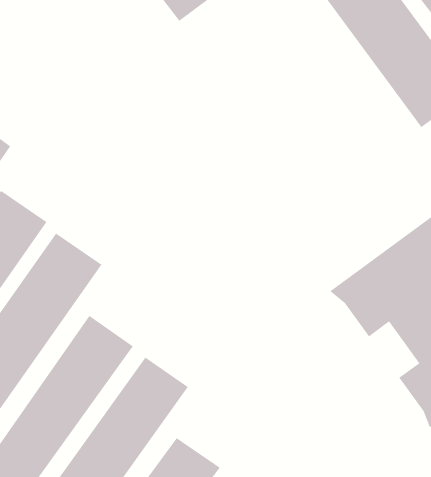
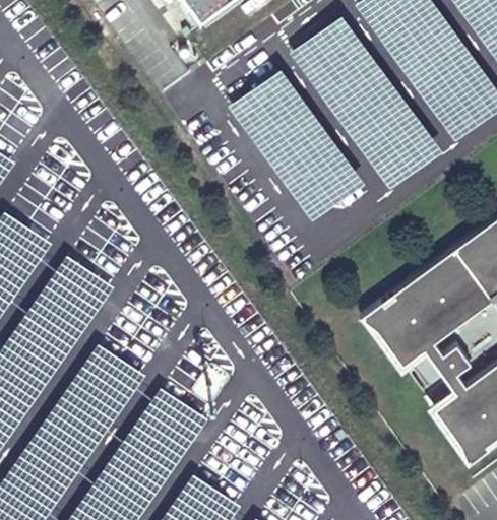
building: none -> [290,14,443,191]
building: none -> [228,69,365,221]

